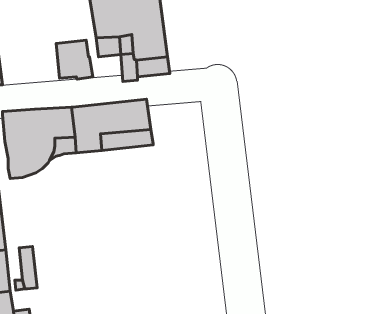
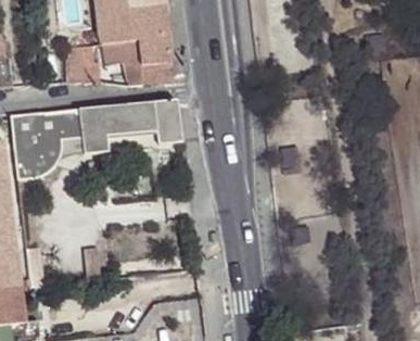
building: none -> [151,99,181,144]

